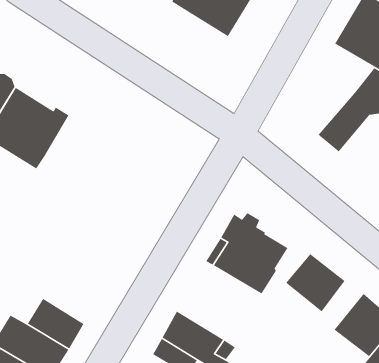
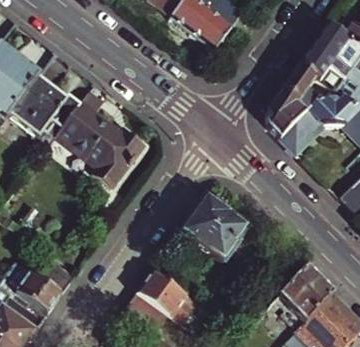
building: none -> [267,62,331,135]
building: none -> [56,89,144,185]
building: [285,253,345,312] -> none

